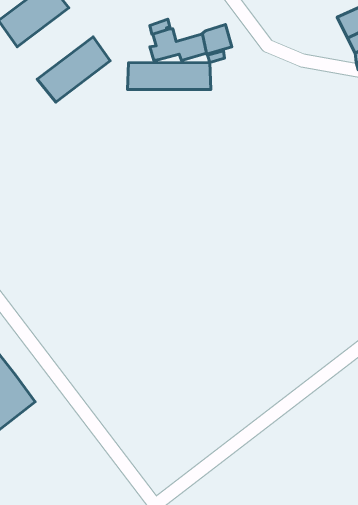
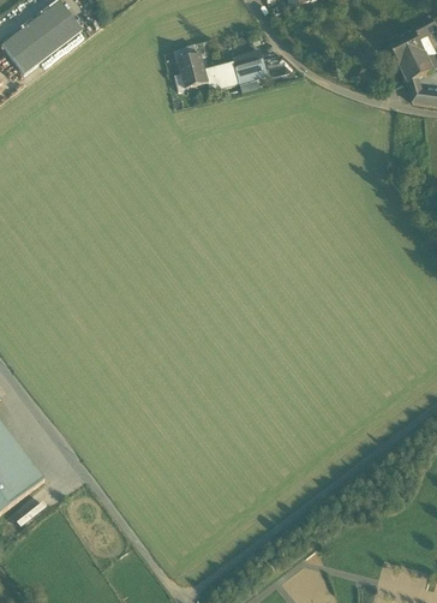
building: [37,37,110,102] -> none
building: [128,63,211,89] -> none

